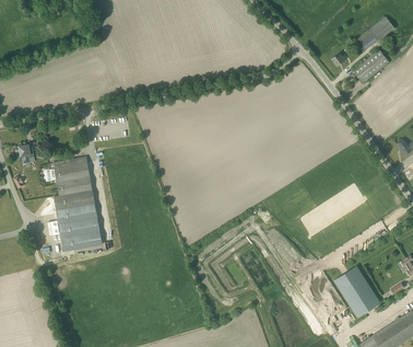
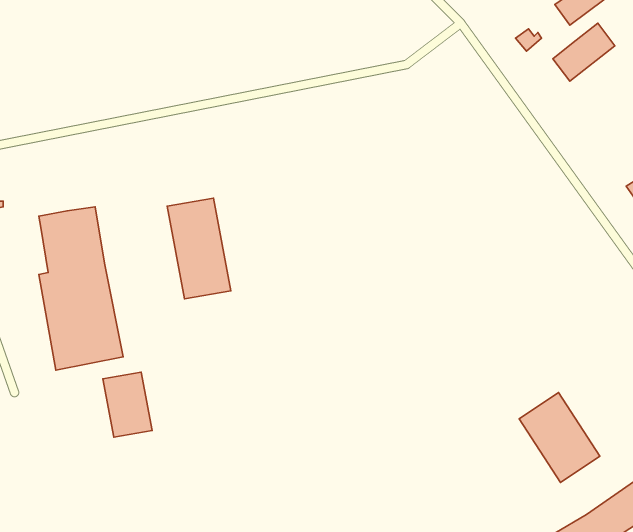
building: none -> [167,198,231,299]
building: none -> [103,372,152,437]

